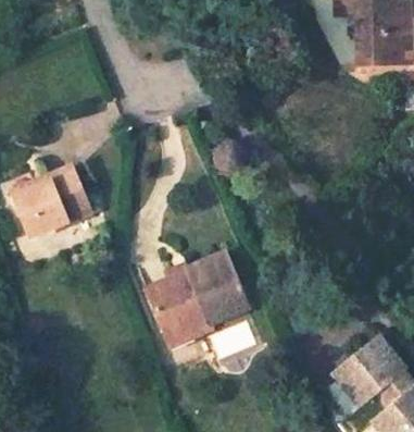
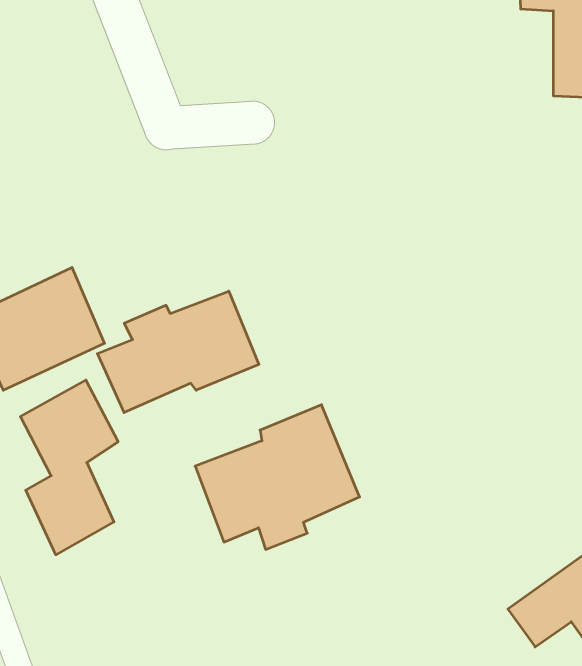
building: none -> [97,291,259,413]
building: none -> [20,380,118,555]

